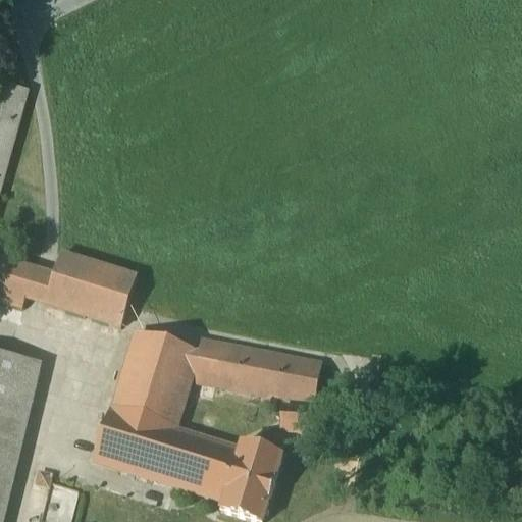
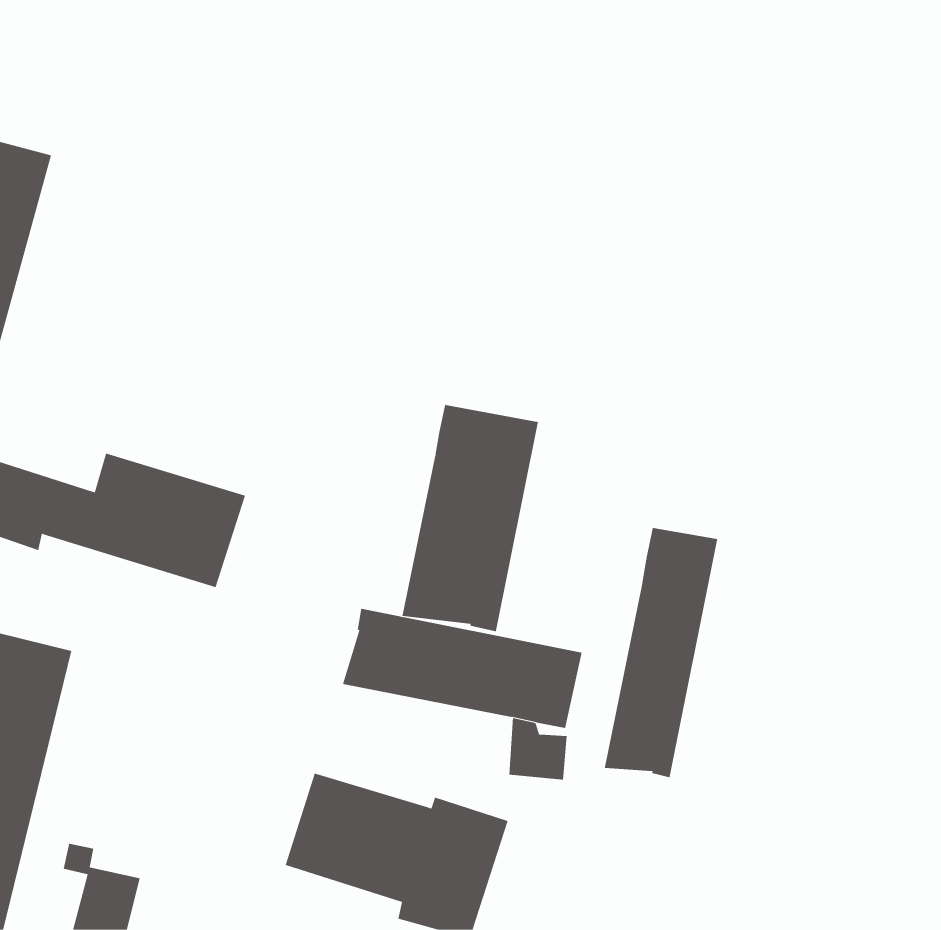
building: none -> [402,404,538,632]
building: none -> [604,527,718,778]
building: [92,328,198,477] -> none

